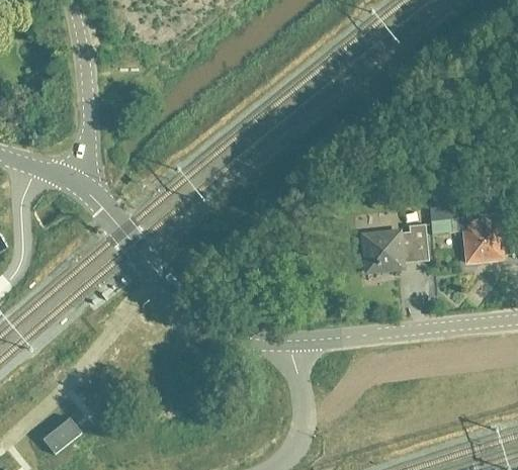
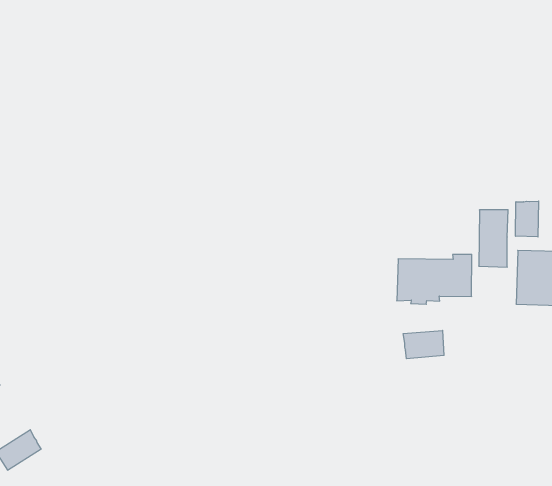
building: none -> [516,201,539,237]
building: none -> [403,330,444,359]

